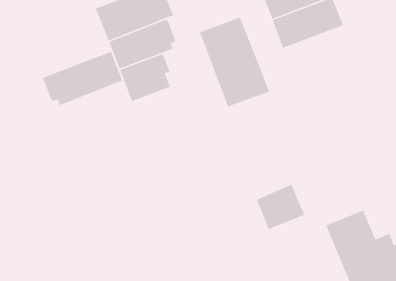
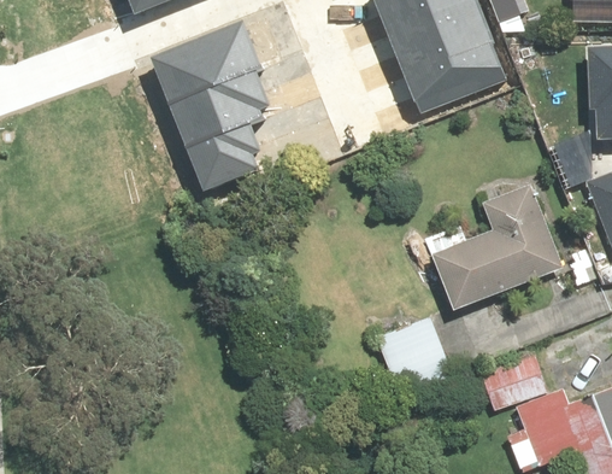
building: [199,17,270,108] -> none
building: [42,51,123,106] -> none
building: none -> [426,175,572,310]

